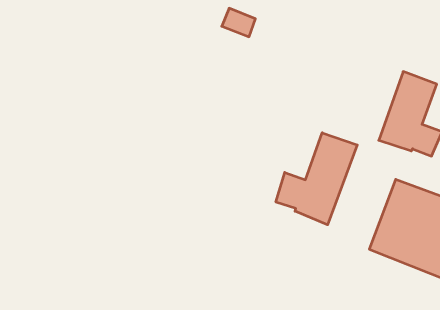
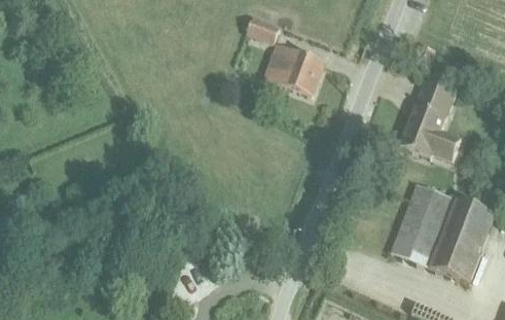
building: none -> [264,44,325,96]
building: [276,133,357,225] -> none

